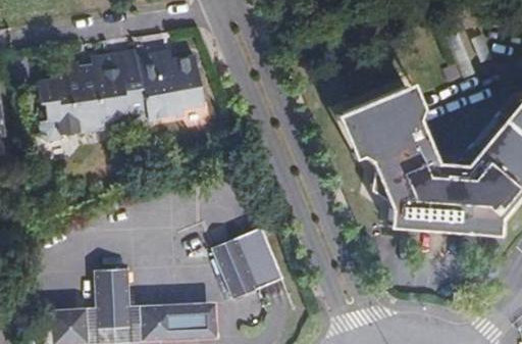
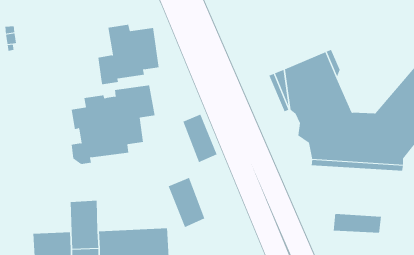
building: [42,52,146,150] -> [71,85,156,164]
building: [241,231,283,291] -> [183,114,217,163]
building: none -> [333,213,381,234]

